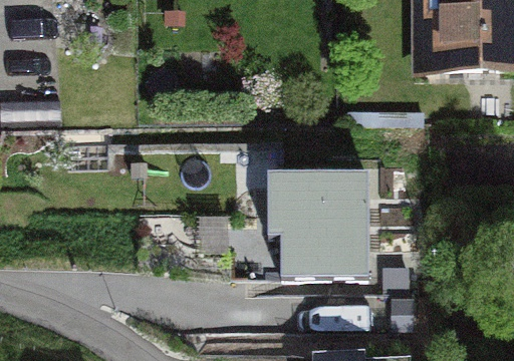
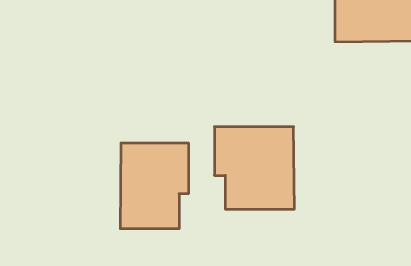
building: none -> [120,143,188,229]

